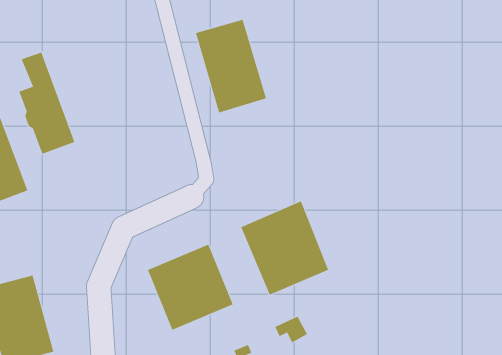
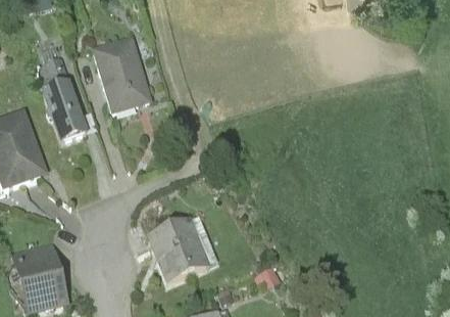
building: [195,19,267,113] -> [92,38,151,116]
building: [241,201,329,296] -> none

